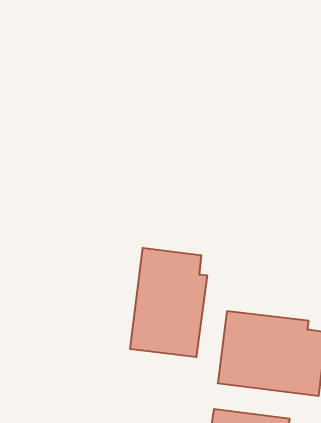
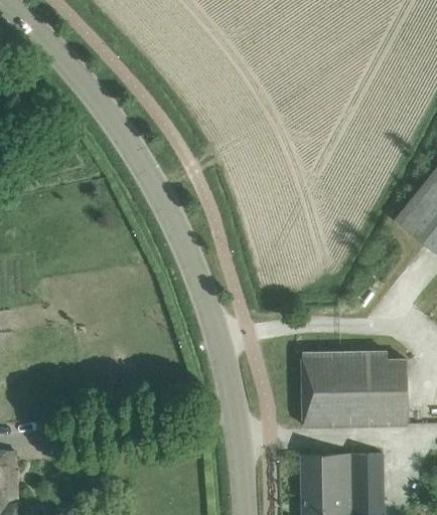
building: [130,248,207,357] -> none

